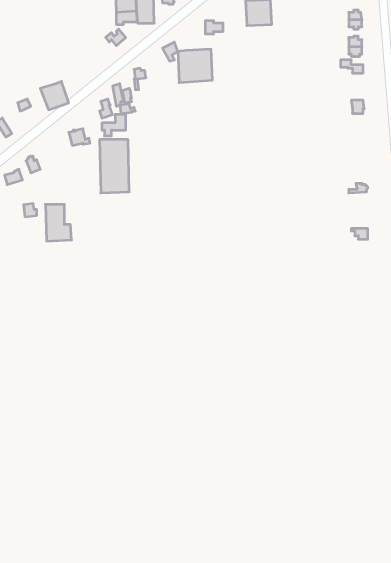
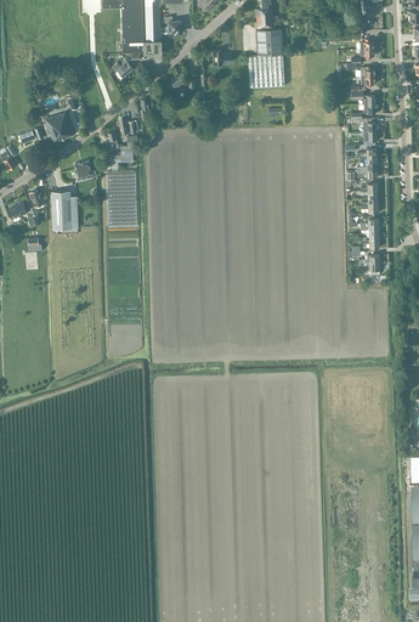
building: [178,49,212,83] -> [248,51,283,85]
building: [45,204,72,241] -> [51,188,78,226]

